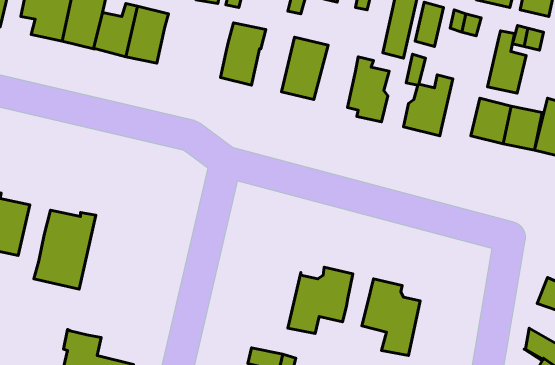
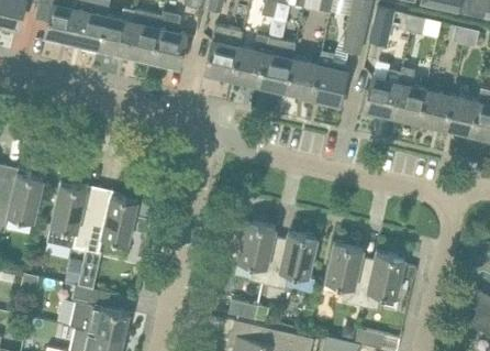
building: none -> [152,12,187,66]
building: [487,31,526,93] -> [392,68,425,121]
building: none -> [232,35,268,84]
building: none -> [285,59,320,97]
building: none -> [78,188,138,289]
building: none -> [234,223,276,284]
building: none -> [365,252,405,310]

